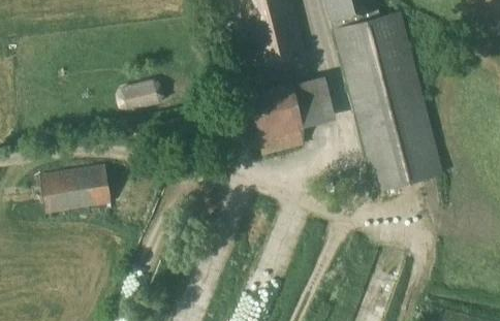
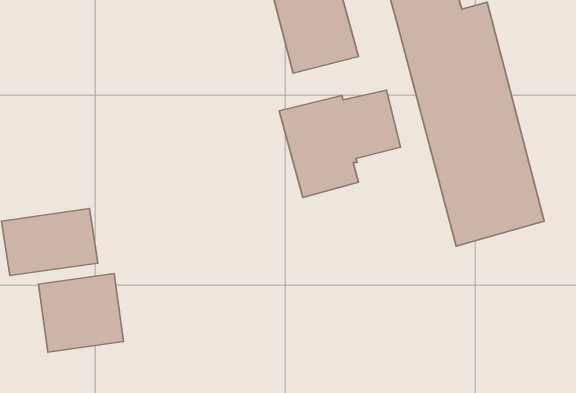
building: [118,79,162,109] -> none
building: none -> [39,273,123,352]

